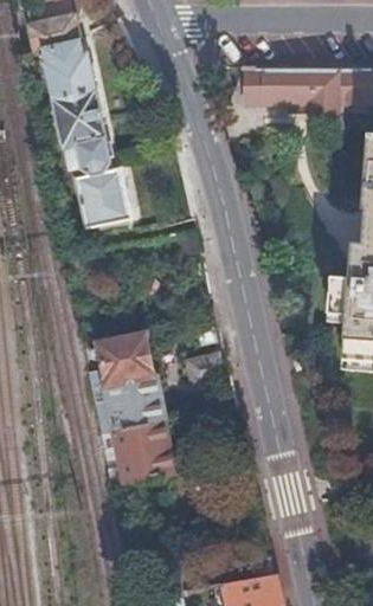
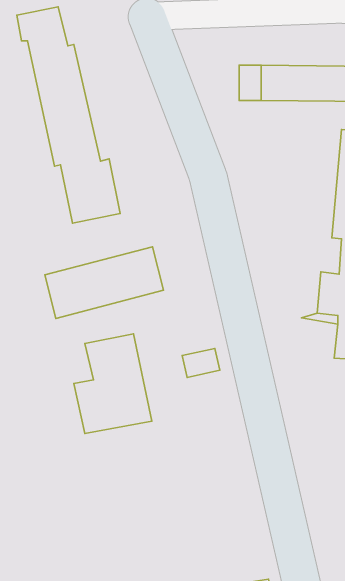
building: none -> [45,247,164,319]
building: [96,418,172,477] -> none

